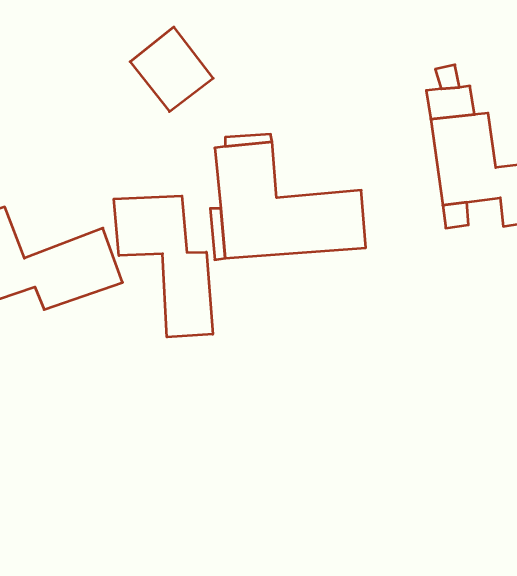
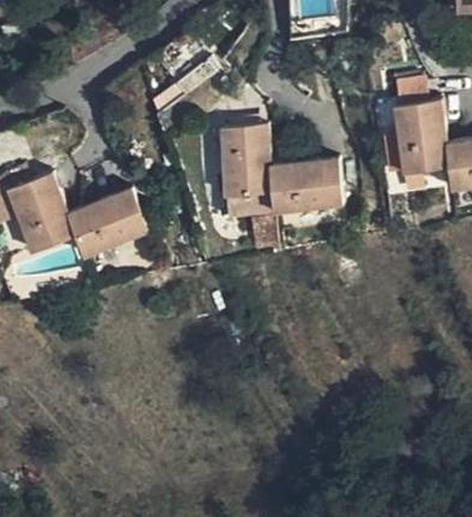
building: [114,196,213,337] -> none

